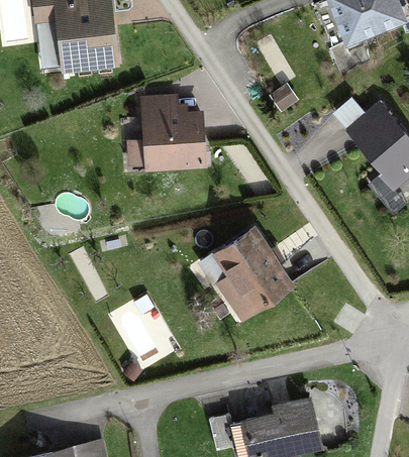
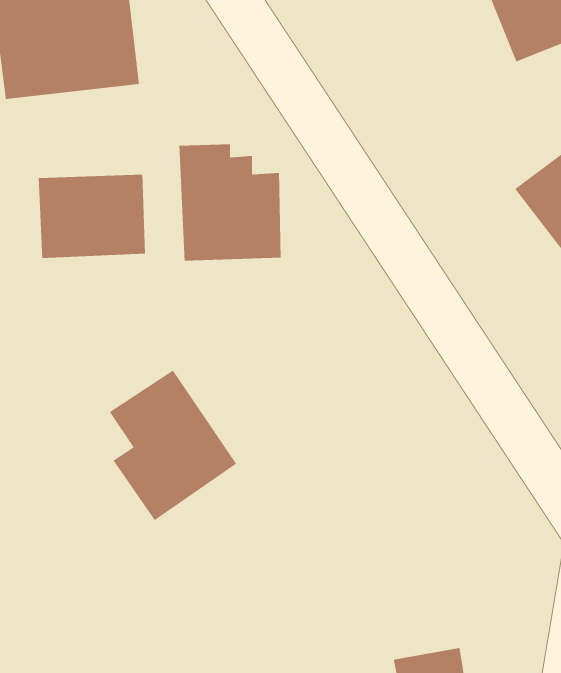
building: none -> [38,174,146,259]
building: [215,231,292,322] -> [109,370,237,521]

